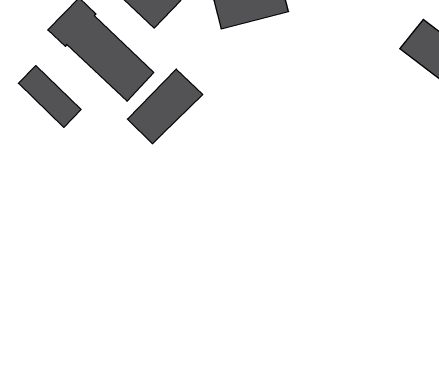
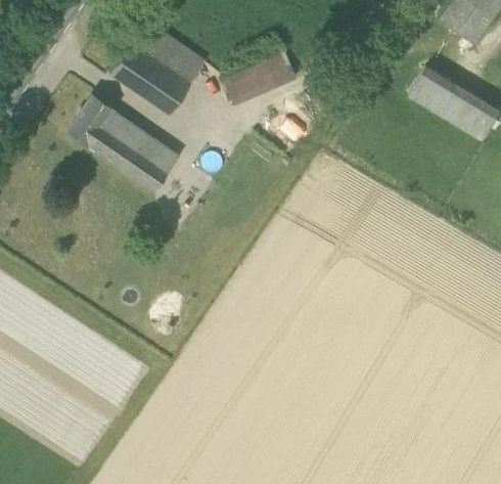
building: [18,66,81,127] -> none
building: [127,69,203,144] -> none

